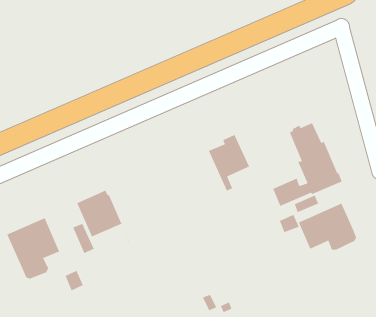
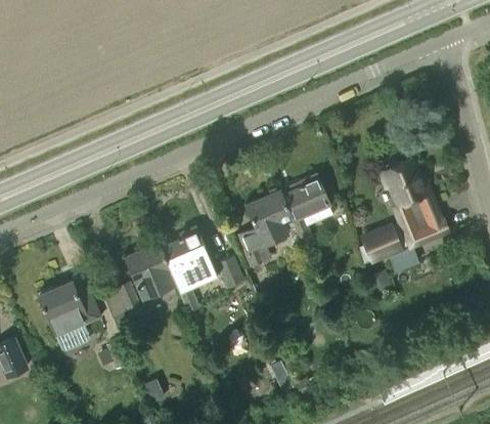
building: none -> [237,188,304,270]
building: none -> [162,224,244,309]
building: [298,203,357,250] -> none

